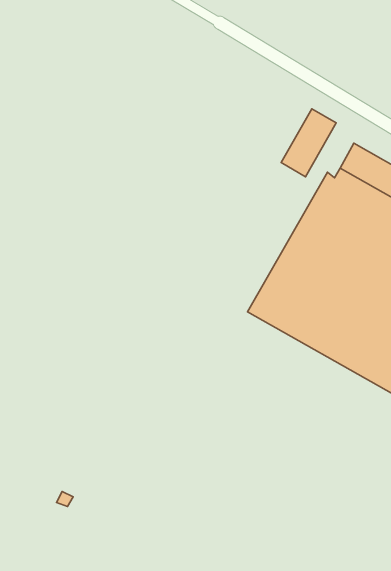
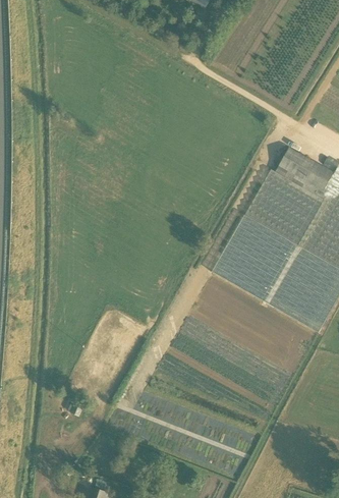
building: [281,109,336,177] -> none

